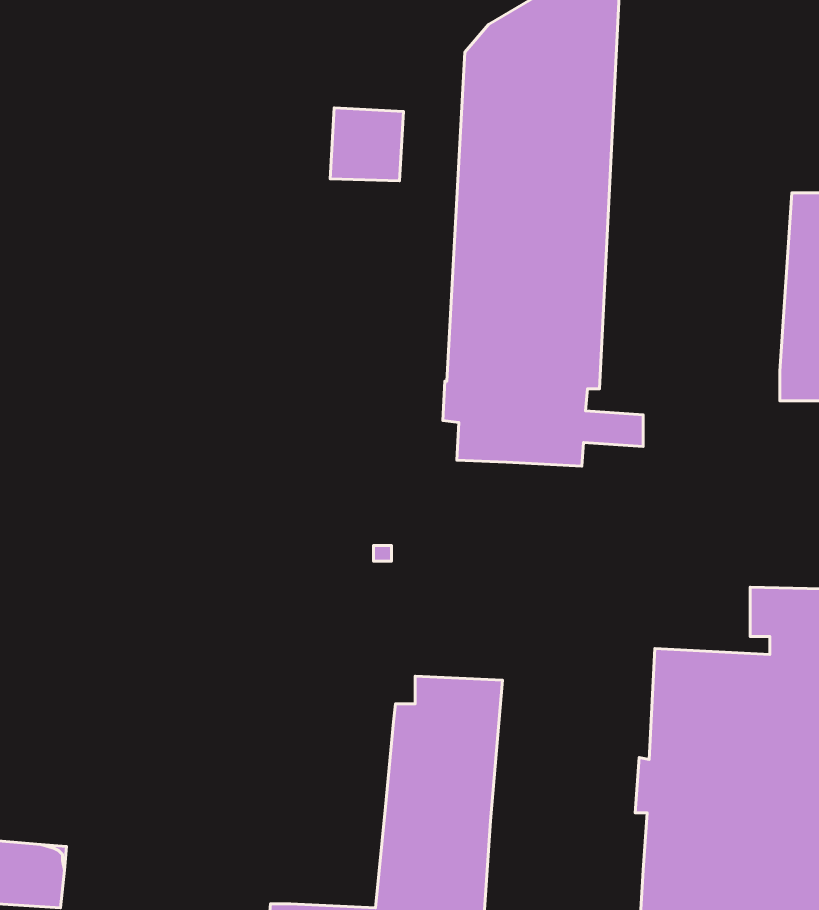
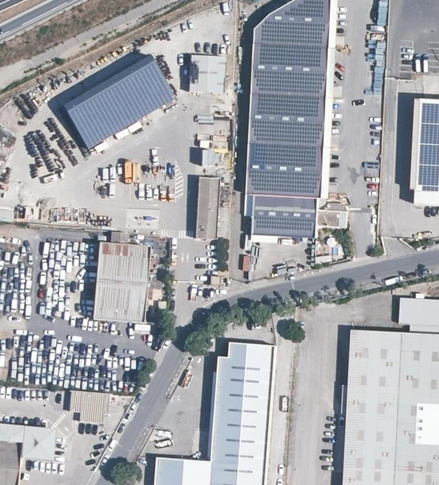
building: none -> [61,57,173,150]
building: none -> [194,179,216,239]
building: none -> [91,231,148,323]
building: none -> [66,392,106,424]

